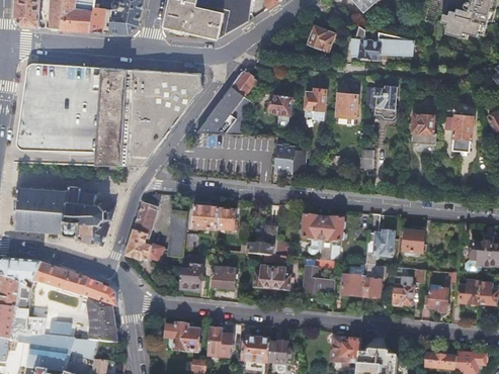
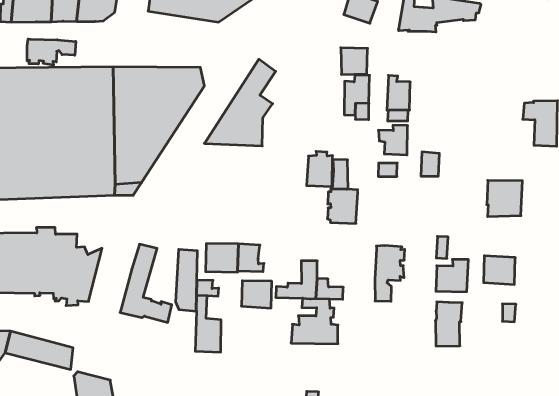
building: none -> [27,39,76,65]
building: [370,85,393,108] -> [378,125,408,155]
building: [270,93,292,114] -> [341,48,368,74]
building: [409,114,437,143] -> [487,180,522,217]
building: [298,215,322,243] -> [327,189,358,223]
building: [302,257,336,293] -> none
building: [210,266,234,288] -> [241,281,272,308]
building: [339,273,363,296] -> none
building: [390,274,412,303] -> none
building: [84,278,116,305] -> none
building: [422,286,445,311] -> none

